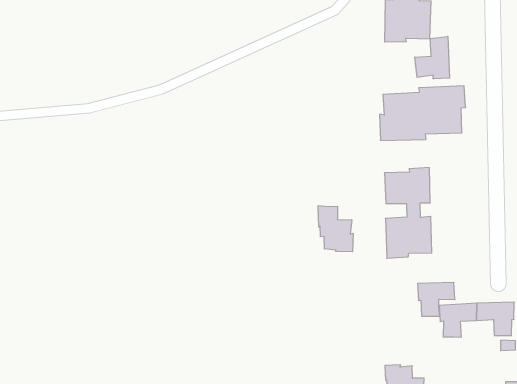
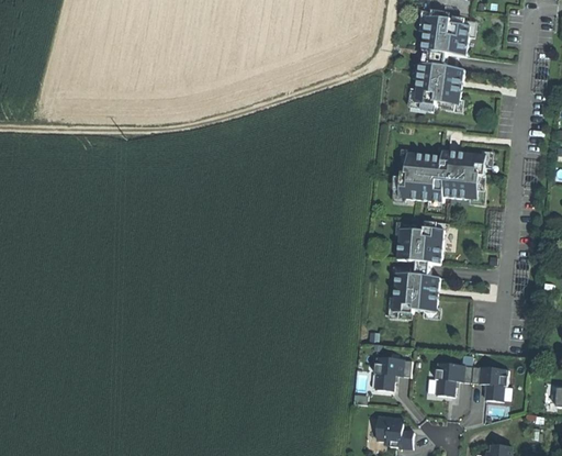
building: [415,36,450,79] -> none
building: [318,206,353,252] -> none
building: [418,283,455,316] -> [374,357,411,391]

